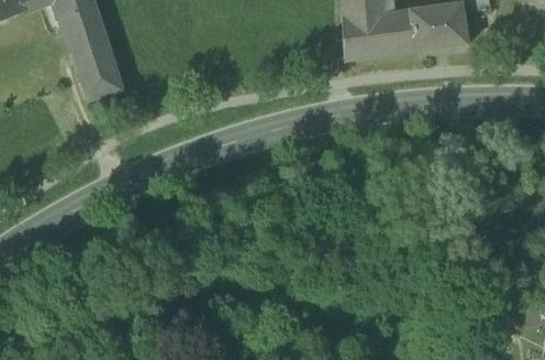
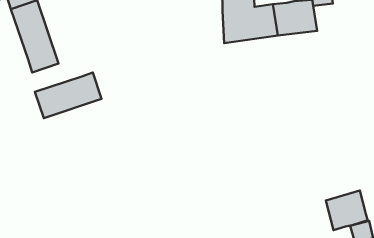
building: none -> [35,72,102,118]
building: none -> [326,191,368,230]

